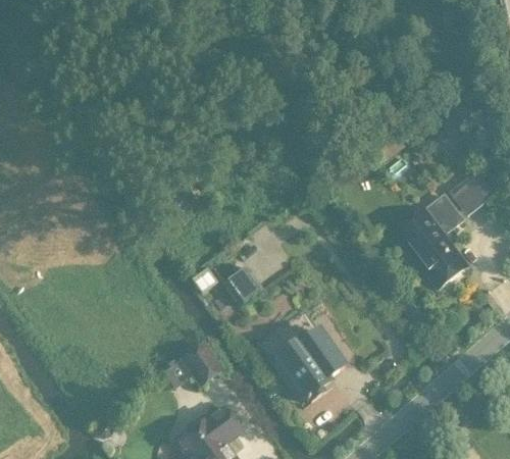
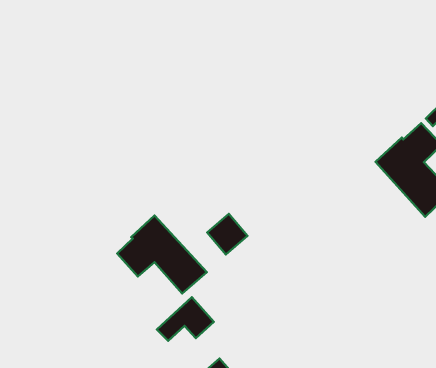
building: none -> [117,216,207,293]
building: [272,328,345,401] -> none

